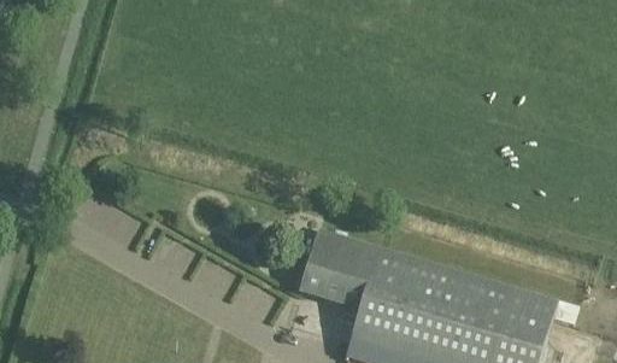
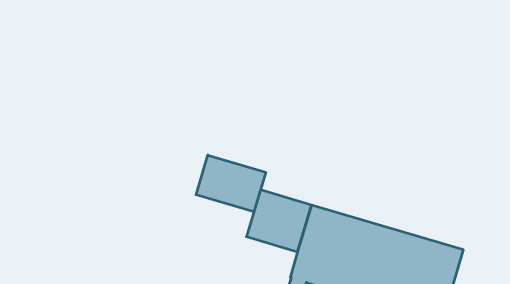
building: none -> [196,155,266,212]

